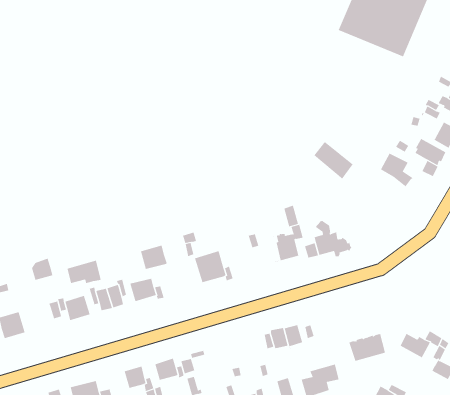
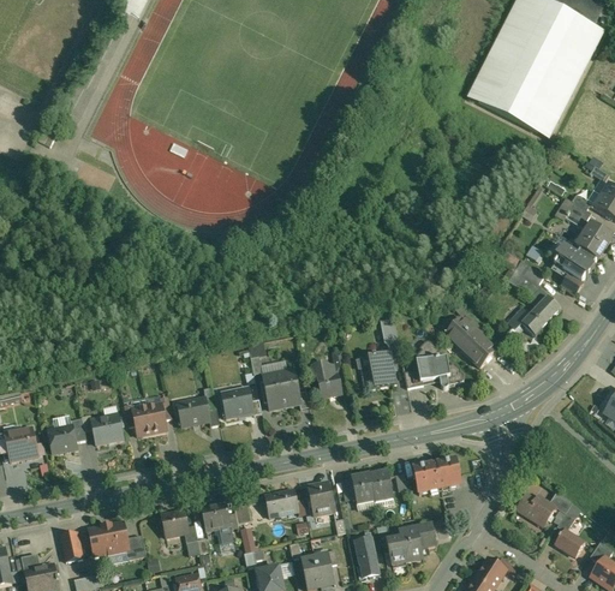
building: [313,141,354,179] -> [446,317,496,368]
building: none -> [508,295,561,335]
building: none -> [311,362,342,398]
building: [140,245,167,270] -> [221,387,255,417]
building: [31,258,53,281] -> [49,425,77,453]
building: [67,260,101,284] -> none
building: [349,333,386,362] -> [413,459,460,492]
building: none -> [308,482,334,515]
building: none -> [265,489,299,517]

